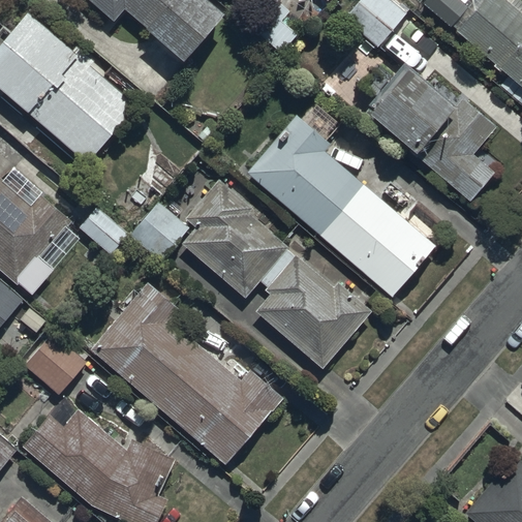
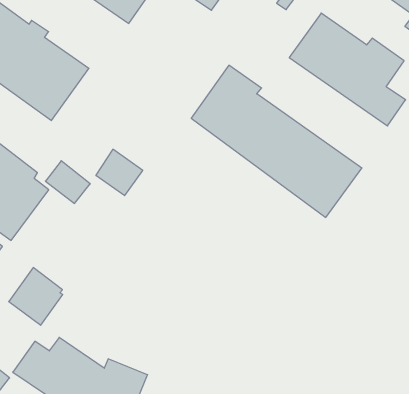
building: [182,180,373,370] -> none
building: [90,283,282,463] -> none

